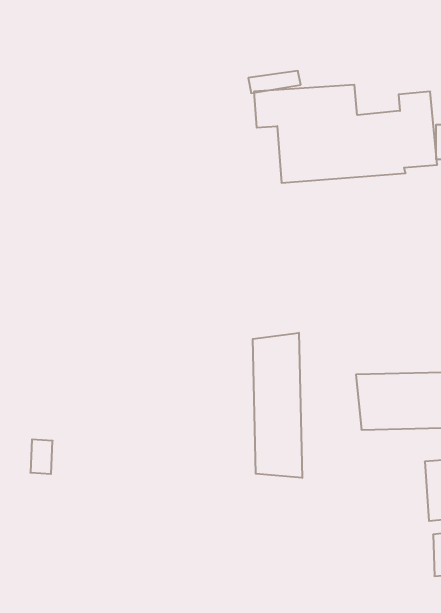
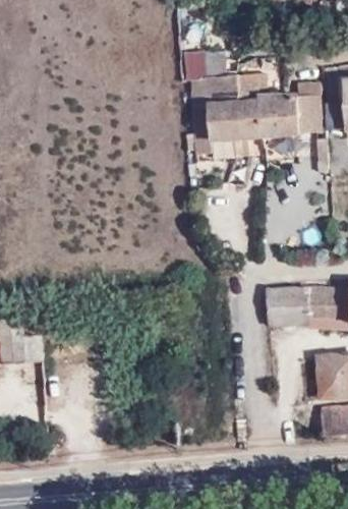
building: [253,333,302,478] -> none

